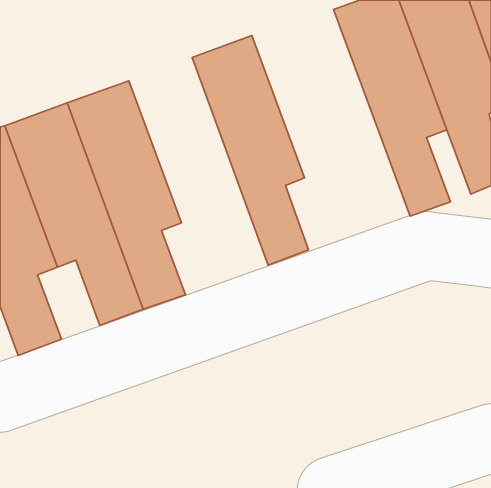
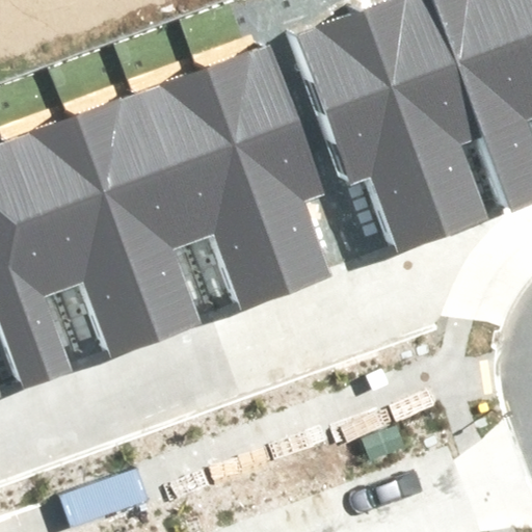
building: none -> [293,14,444,255]
building: none -> [139,65,290,307]

